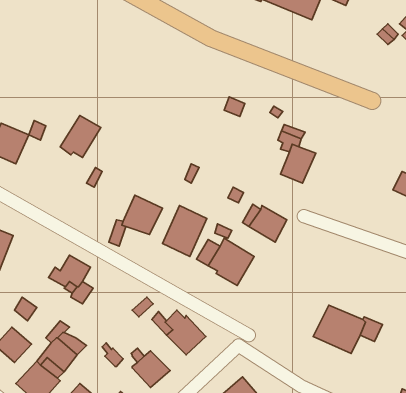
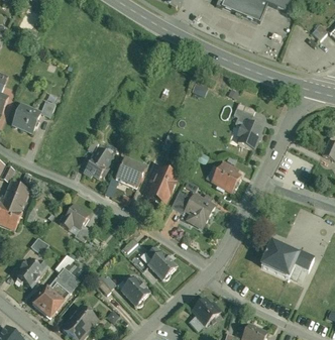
building: [60,116,101,157] -> [83,146,114,179]

